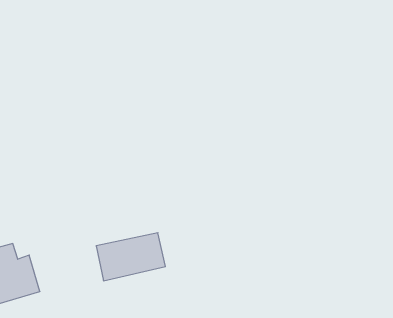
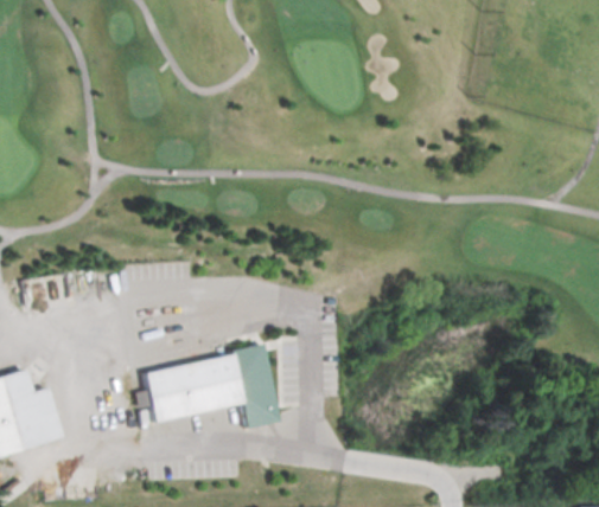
building: none -> [232,344,280,429]

